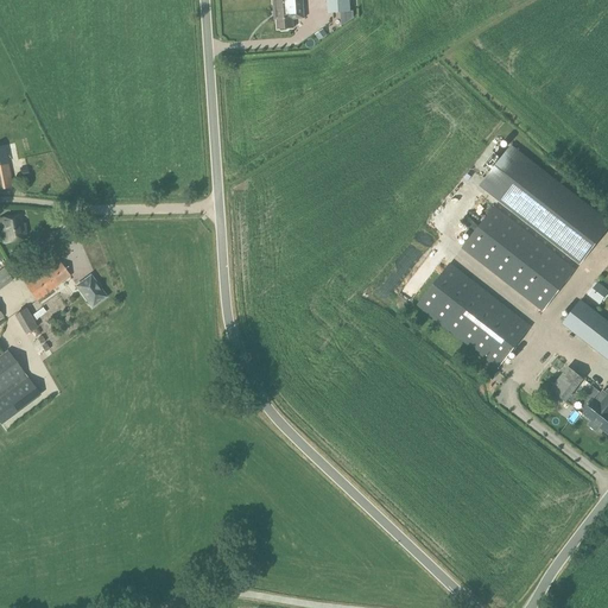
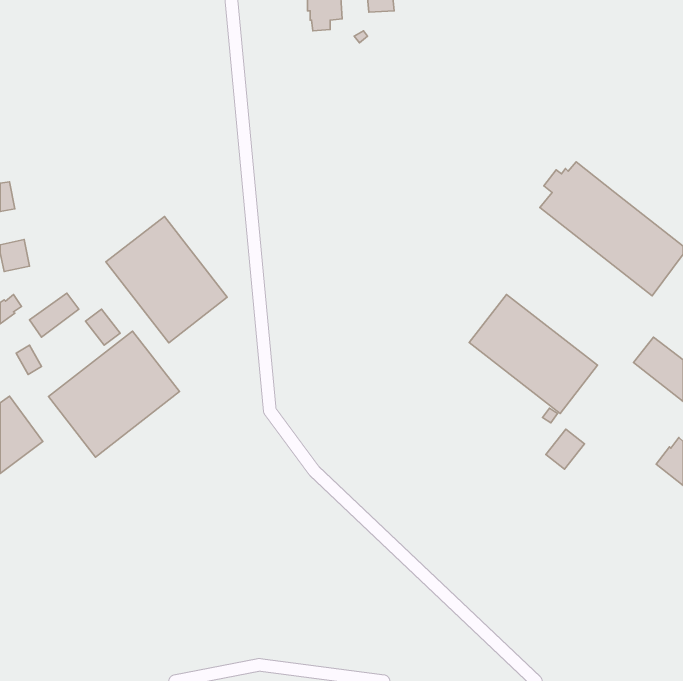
building: none -> [106,216,227,343]
building: [461,194,576,310] -> none
building: none -> [48,331,180,457]
building: [550,365,584,400] -> [546,429,585,469]

